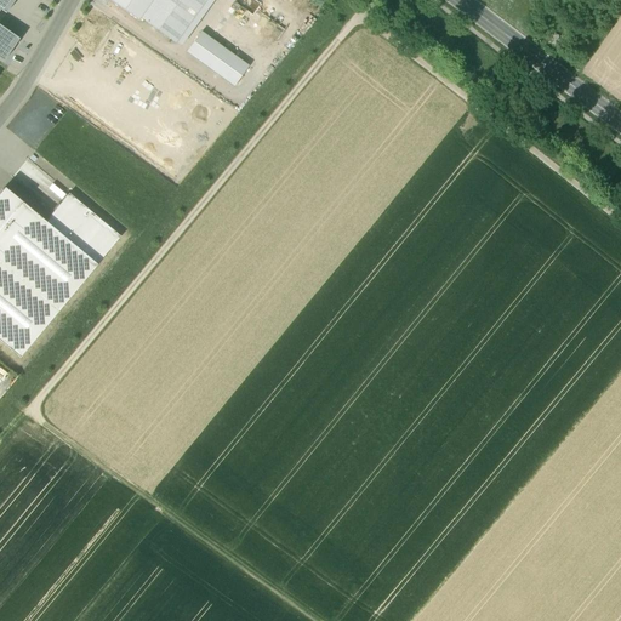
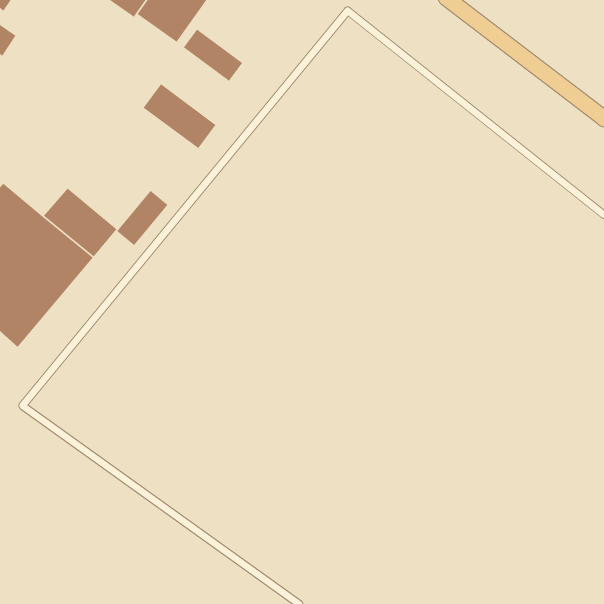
building: none -> [143,83,216,149]
building: none -> [116,190,168,246]

